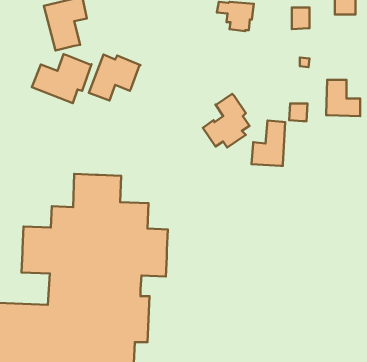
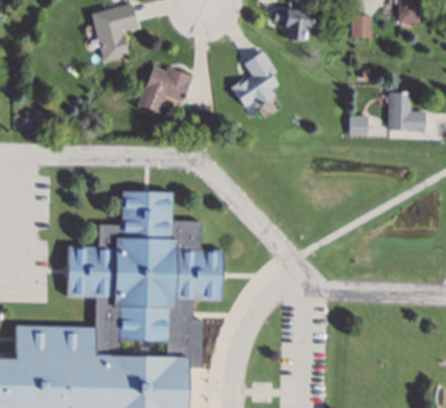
building: [32,54,92,103] -> none
building: [203,94,250,147] -> [230,52,279,108]
building: [251,120,285,166] -> none

